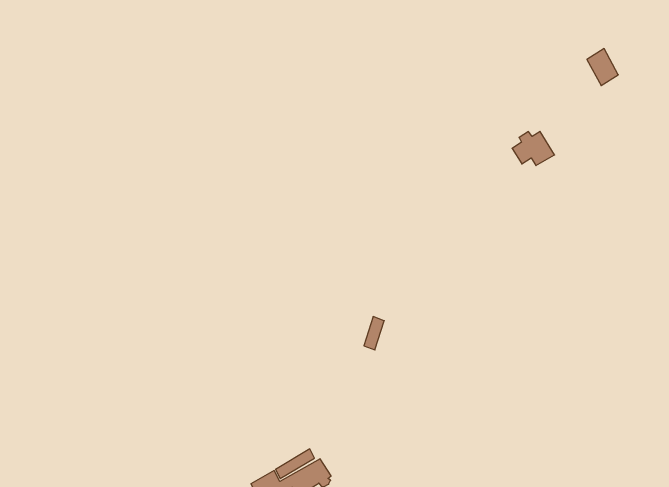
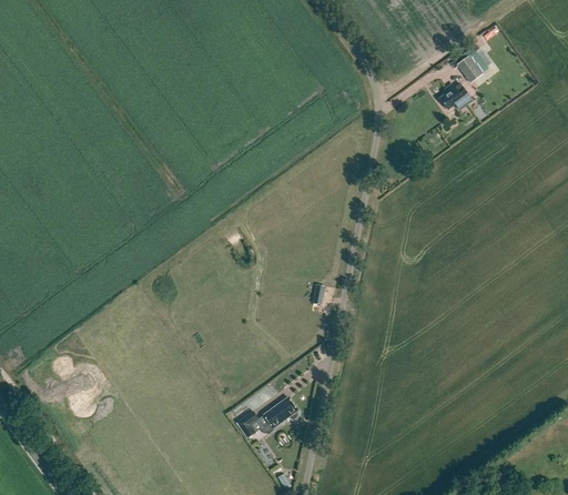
building: [512,131,555,166] -> [442,83,475,110]

